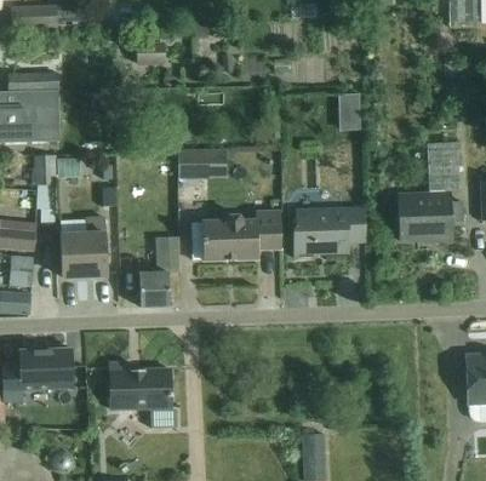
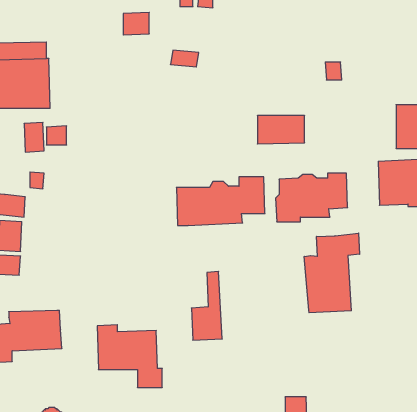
building: [177,150,225,179] -> [257,116,305,144]
building: [59,216,107,279] -> none
building: [139,236,171,307] -> [191,271,222,340]
building: none -> [304,233,360,313]

